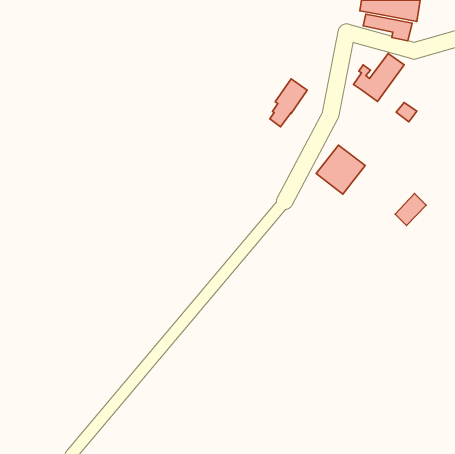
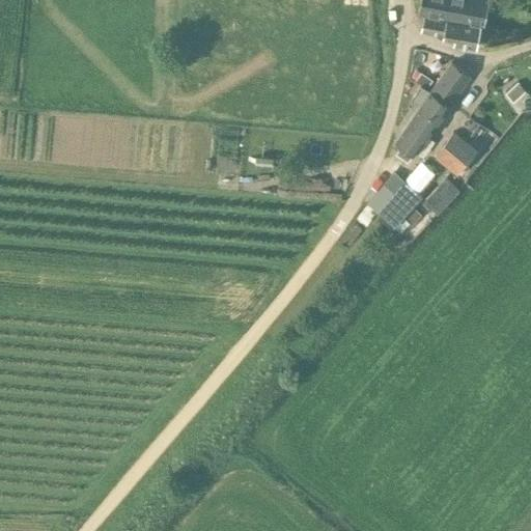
building: [270,79,307,127] -> [396,106,440,162]
building: none -> [435,132,476,174]
building: [395,194,426,226] -> [424,177,460,215]

